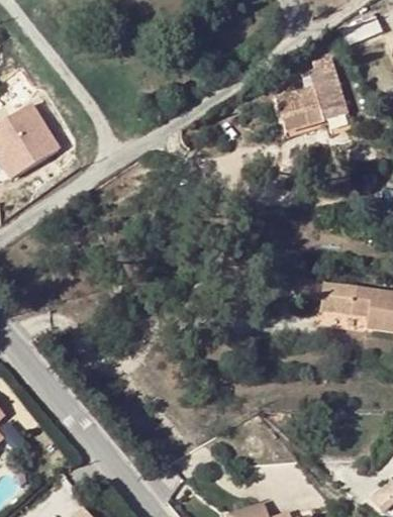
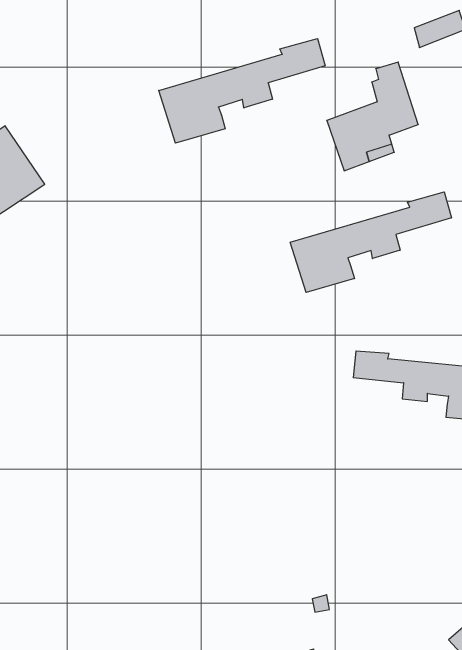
building: none -> [159,39,325,143]
building: none -> [290,192,451,292]

